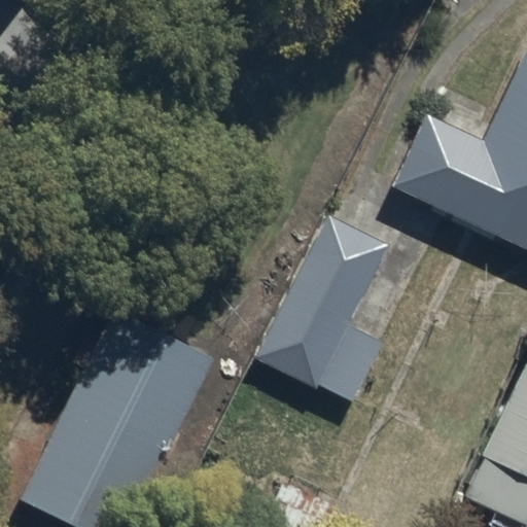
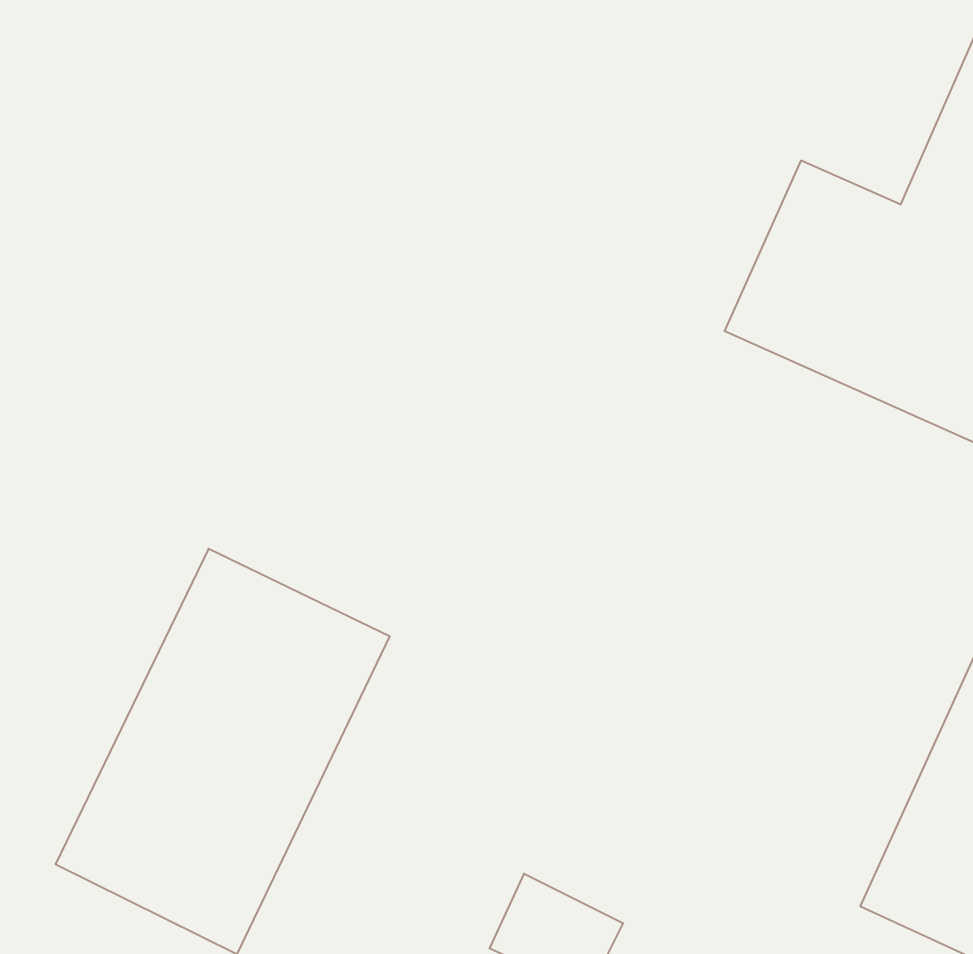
building: [254,212,391,410] -> none

